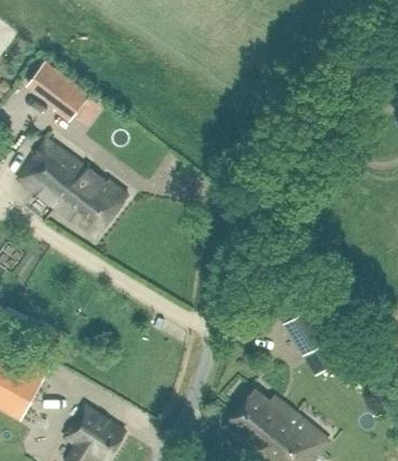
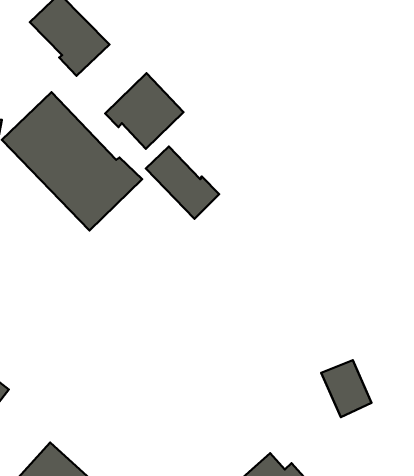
building: none -> [105,73,184,149]
building: none -> [146,146,219,219]

